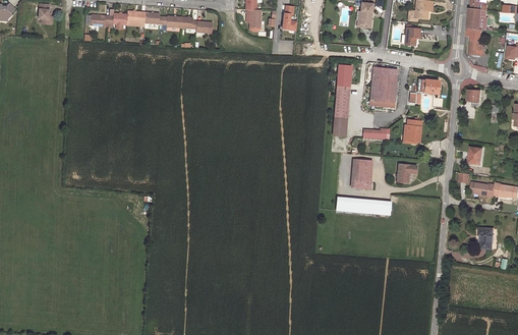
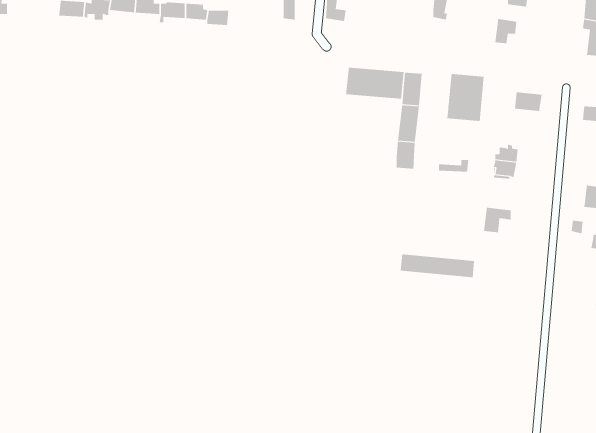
building: none -> [346,67,404,100]
building: [351,159,371,187] -> none

